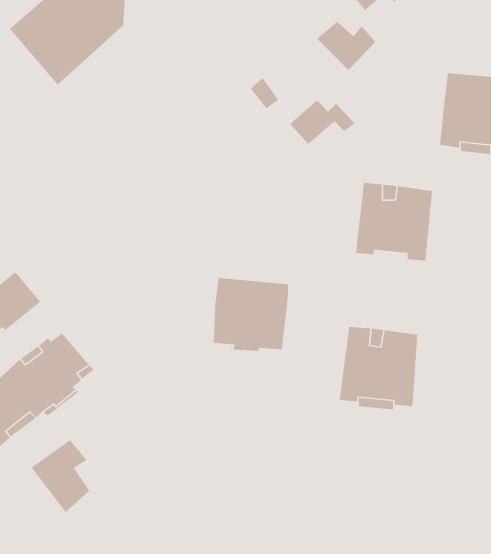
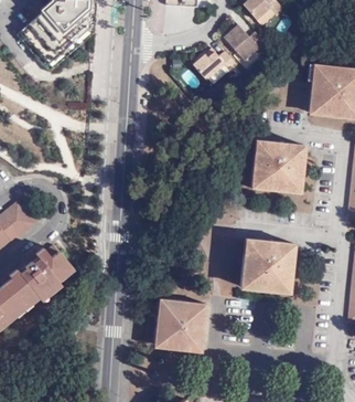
building: [289,99,356,145] -> [193,51,238,82]
building: [213,277,289,352] -> [153,298,205,349]
building: [31,439,90,513] -> none

